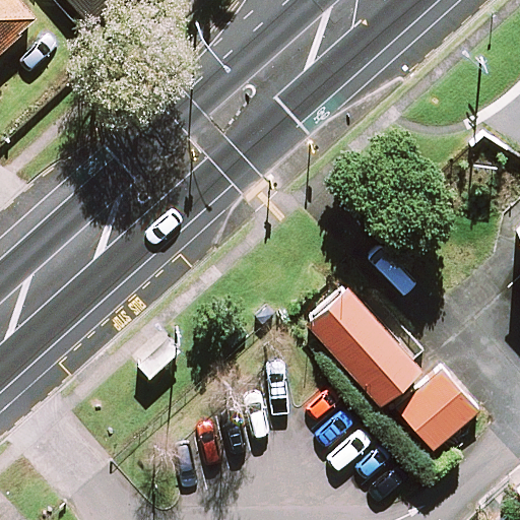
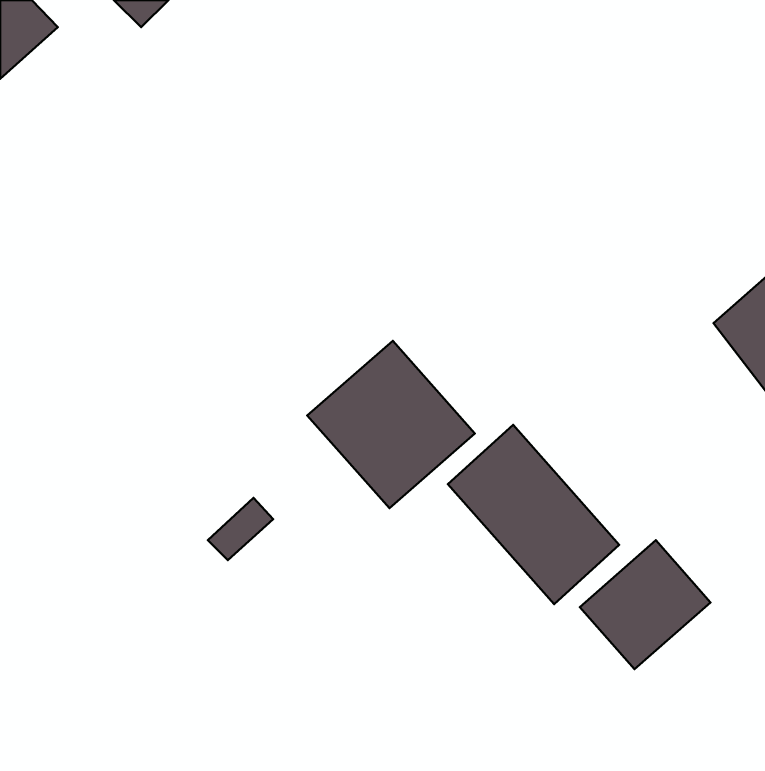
building: none -> [307,341,475,508]

